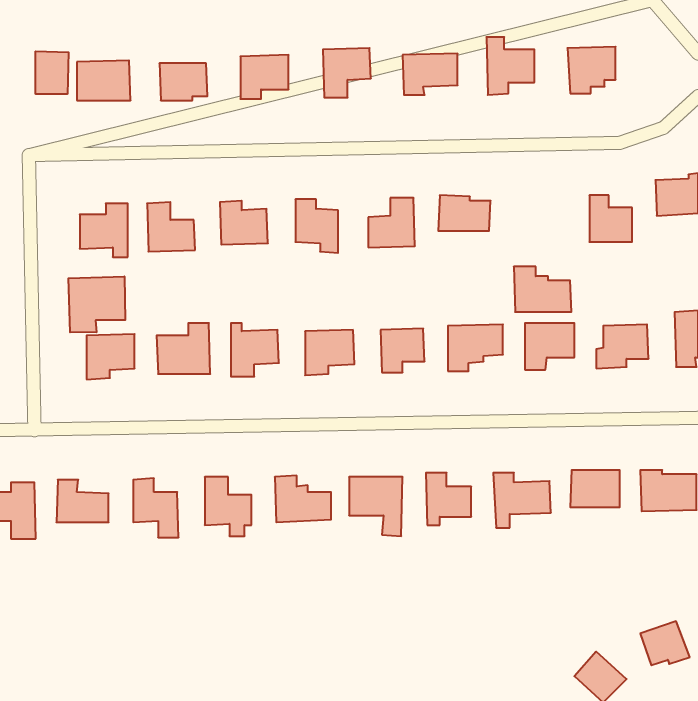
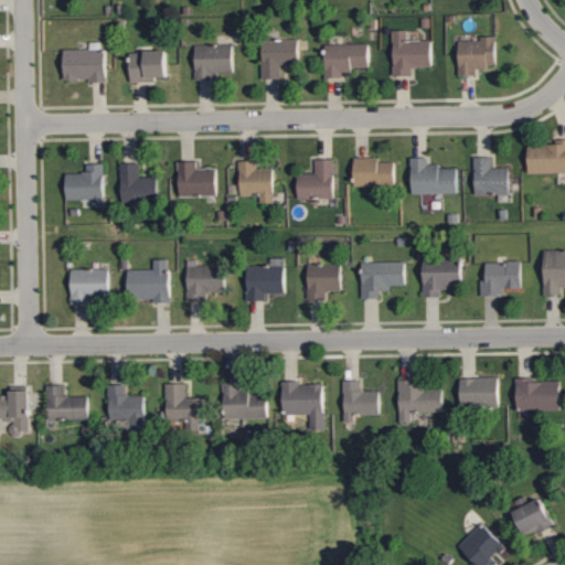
building: [36,51,69,94] -> none
building: [514,267,571,312] -> [409,158,456,194]
building: [68,276,125,332] -> none

